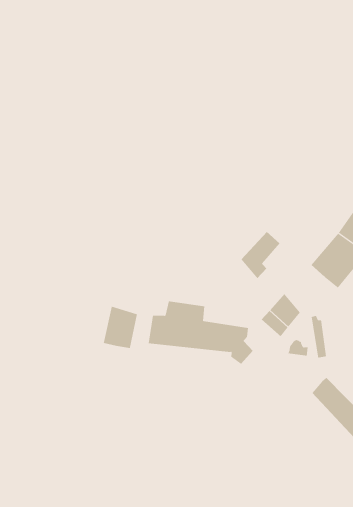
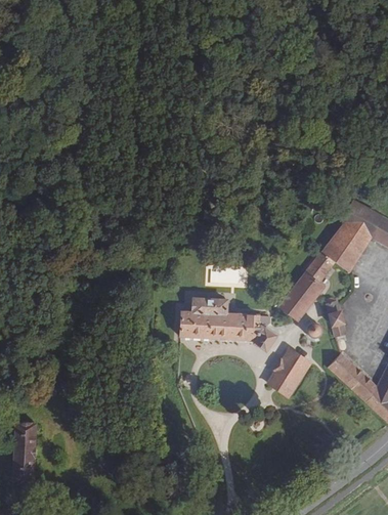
building: [241,231,280,279] -> [299,253,334,297]
building: [103,306,137,349] -> none
building: none -> [268,350,310,395]

